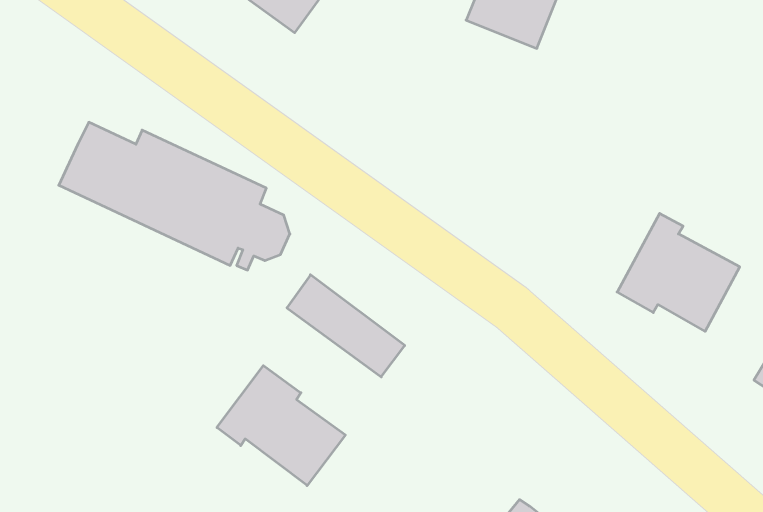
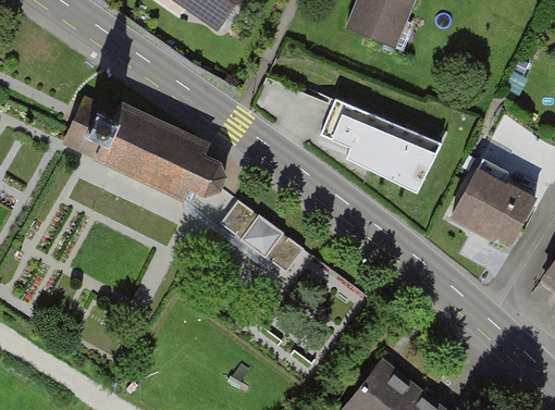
building: none -> [321,100,436,192]
building: [217,366,345,486] -> none

